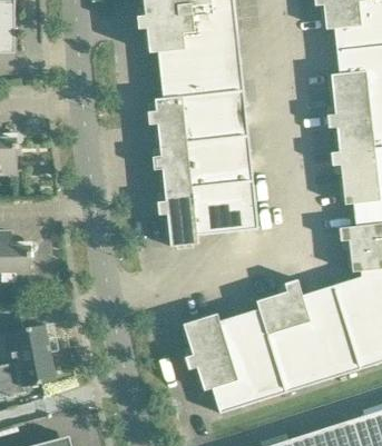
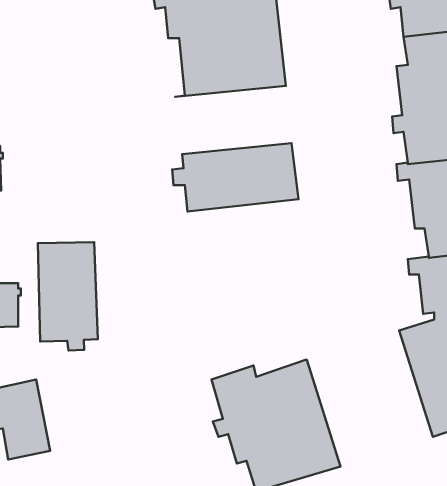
building: [147,90,246,145] -> none
building: [156,180,256,246] -> none
building: none -> [38,242,98,351]
building: [255,279,359,393] -> none

